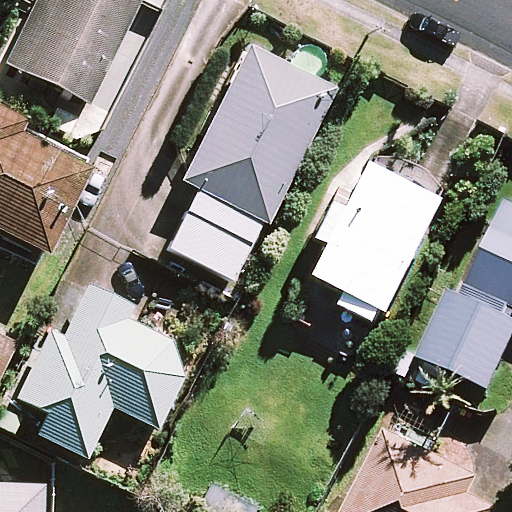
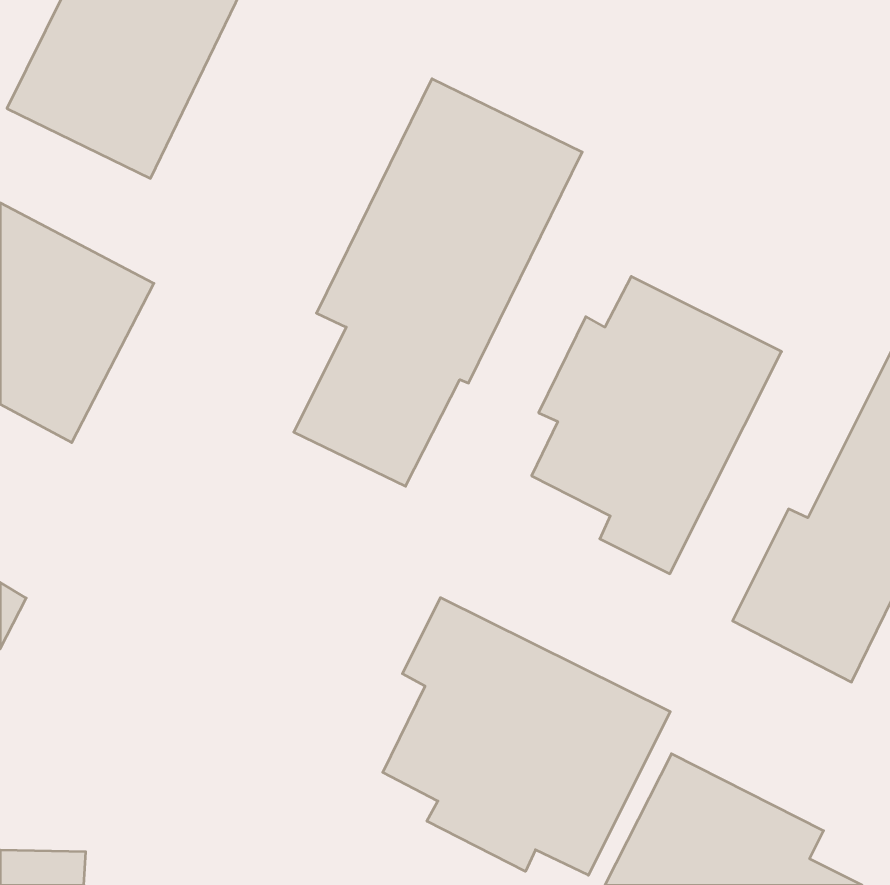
building: [18,281,196,456] -> none
building: none -> [383,598,670,875]

